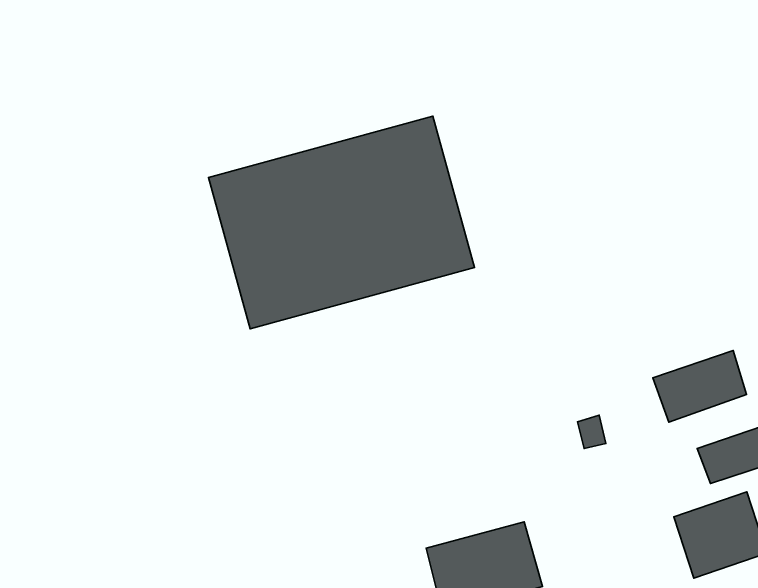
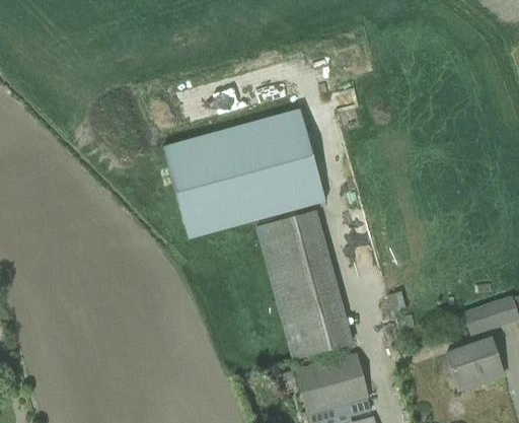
building: none -> [256,209,352,358]
building: [653,350,747,422] -> none

